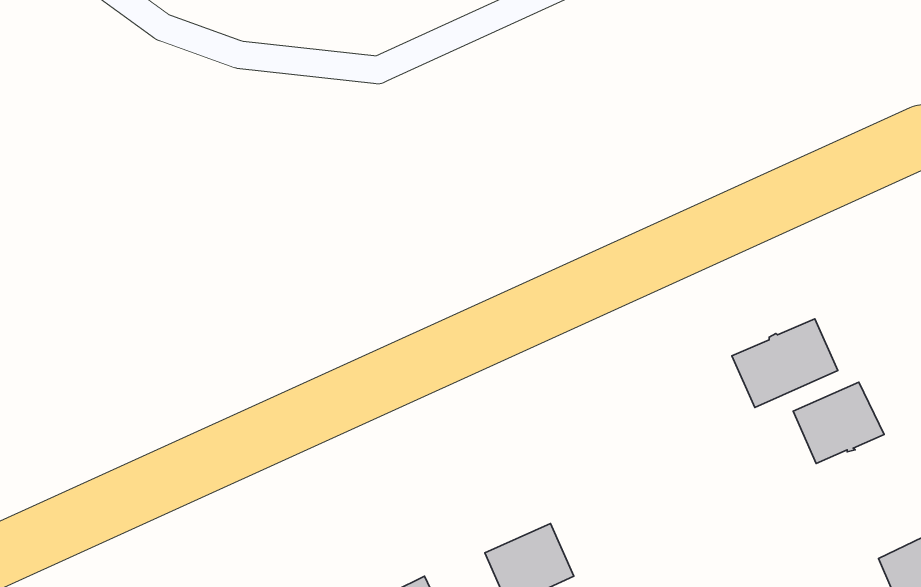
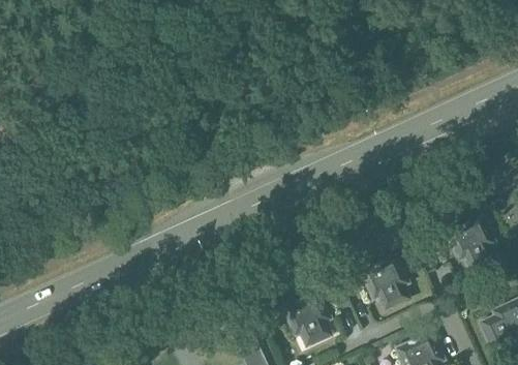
building: [732,319,838,408] -> none
building: none -> [360,257,408,302]

